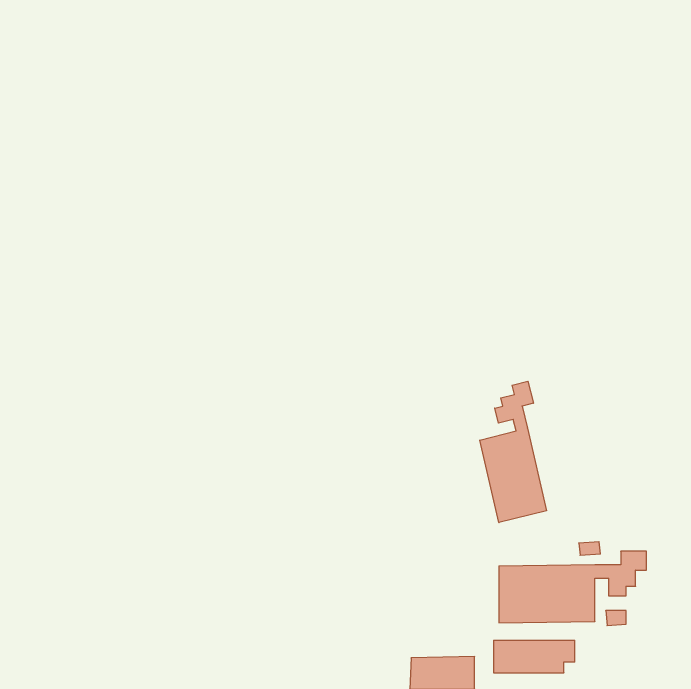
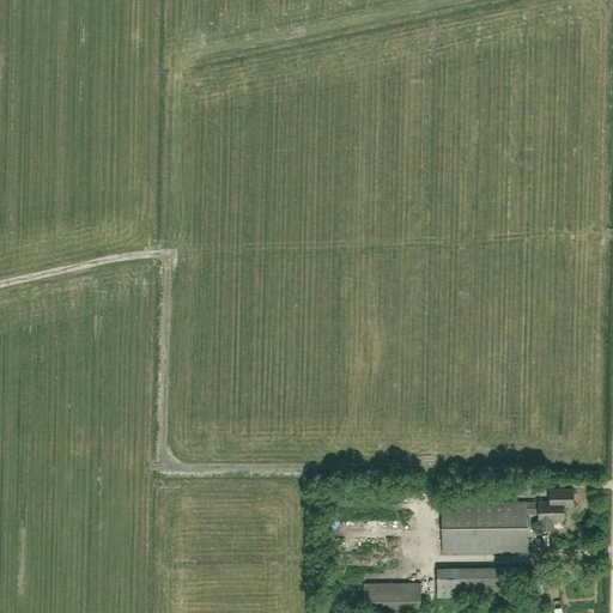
building: [480,381,546,523] -> none

